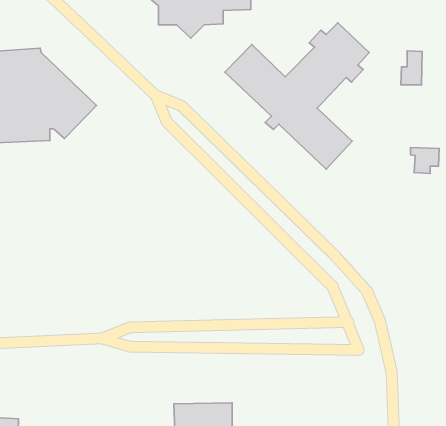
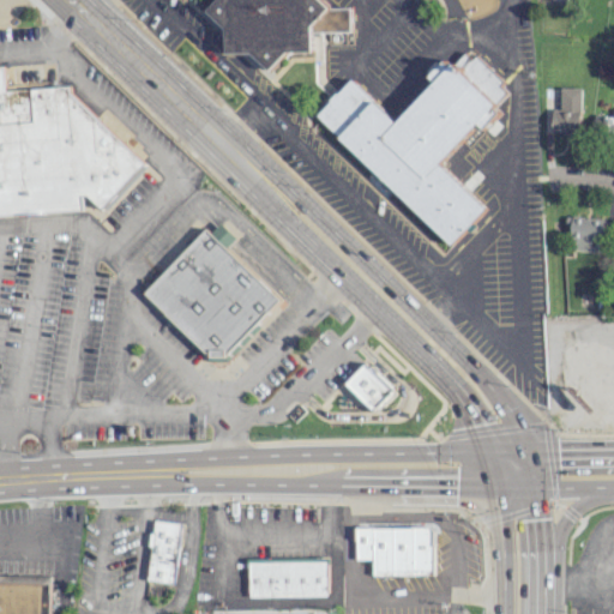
building: none -> [143,219,279,359]
building: none -> [343,363,393,415]
building: none -> [143,520,179,585]
building: none -> [354,526,431,573]

